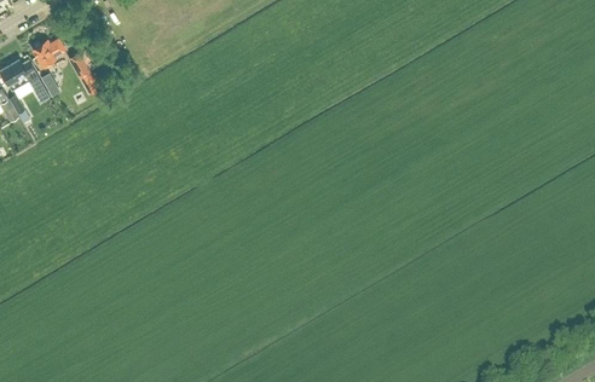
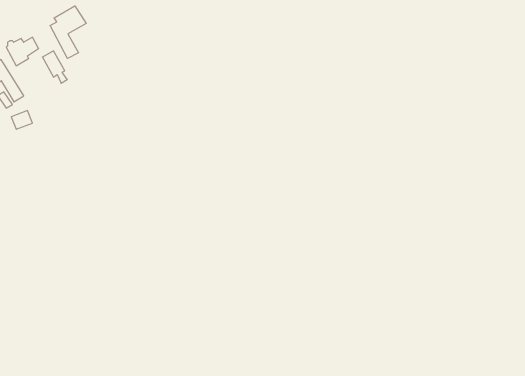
building: none -> [50,6,86,58]

